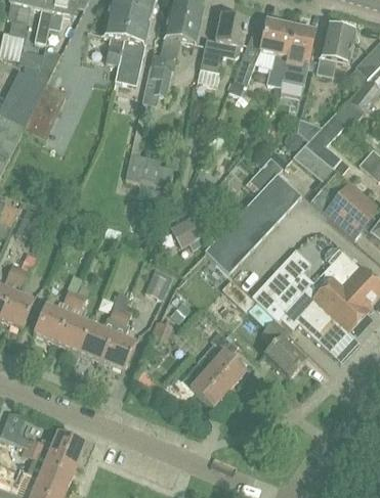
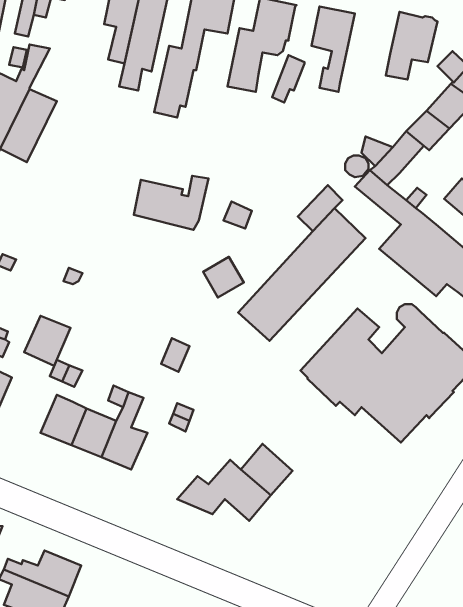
building: [281,25,313,82] -> none
building: [247,301,305,377] -> none
building: [32,304,67,342] -> [24,316,70,366]

